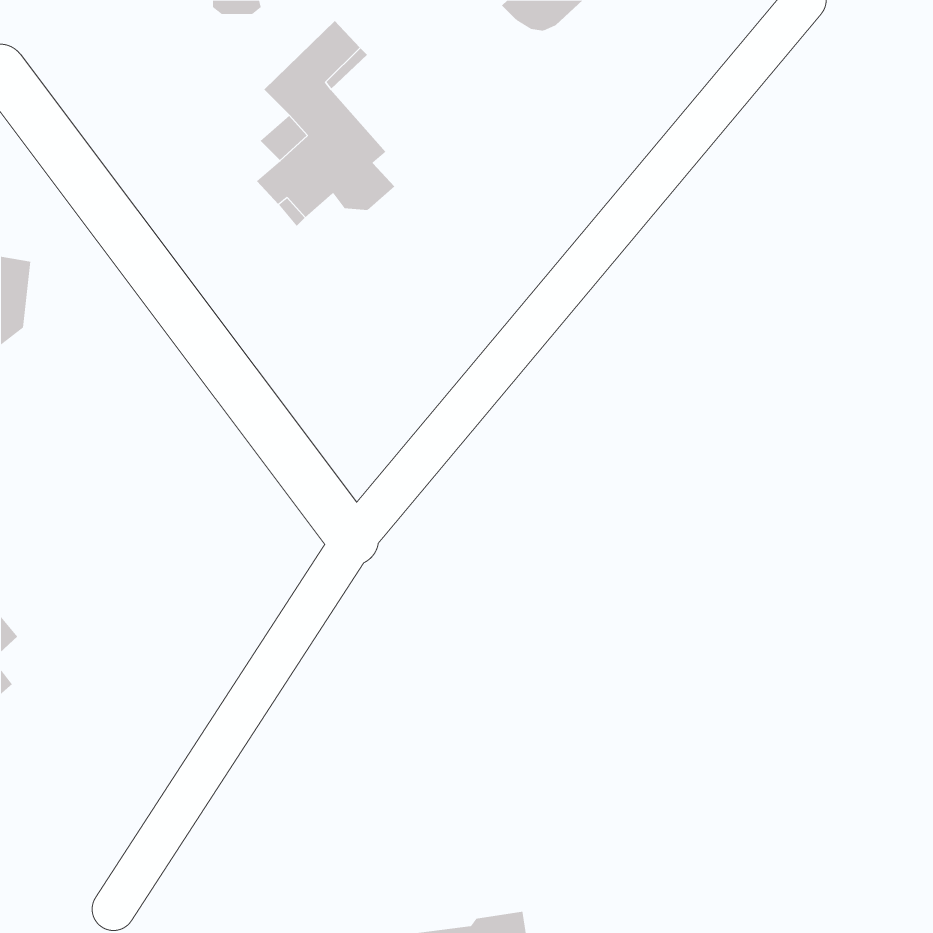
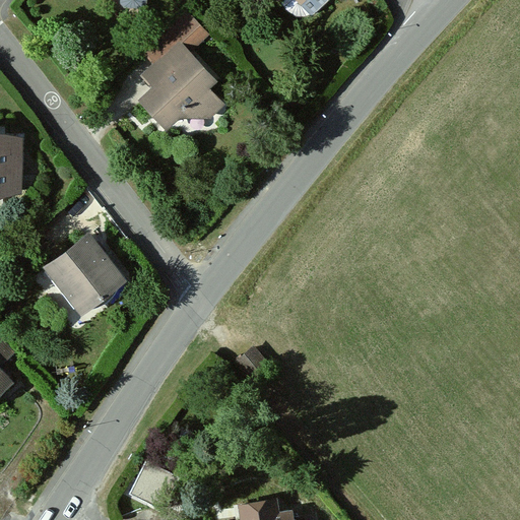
building: none -> [51,237,122,309]

